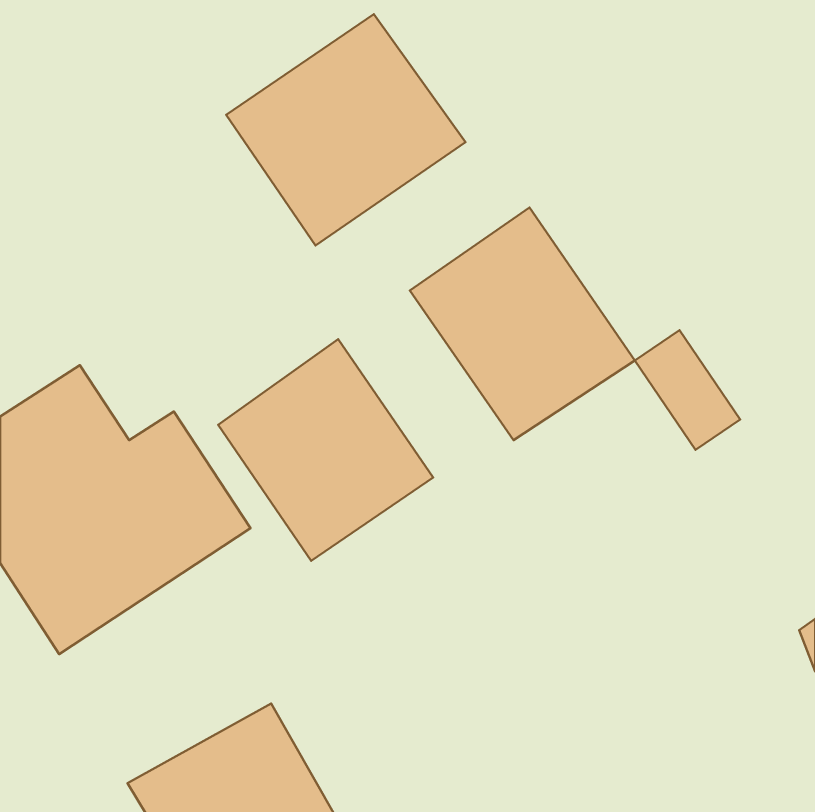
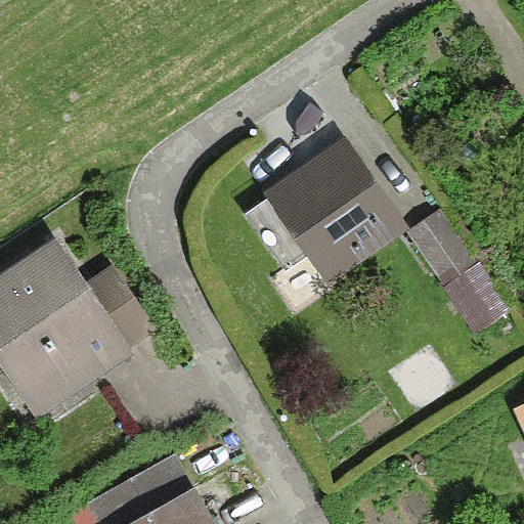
building: [226,14,466,245] -> none
building: [218,339,433,561] -> none

